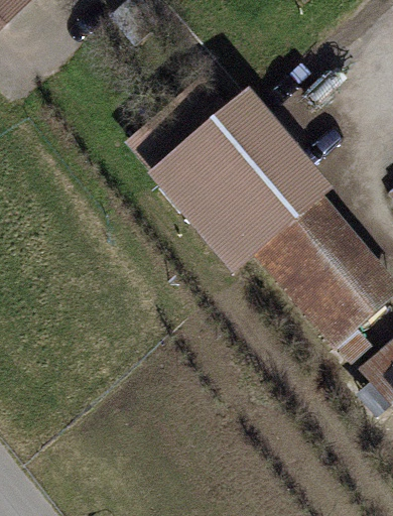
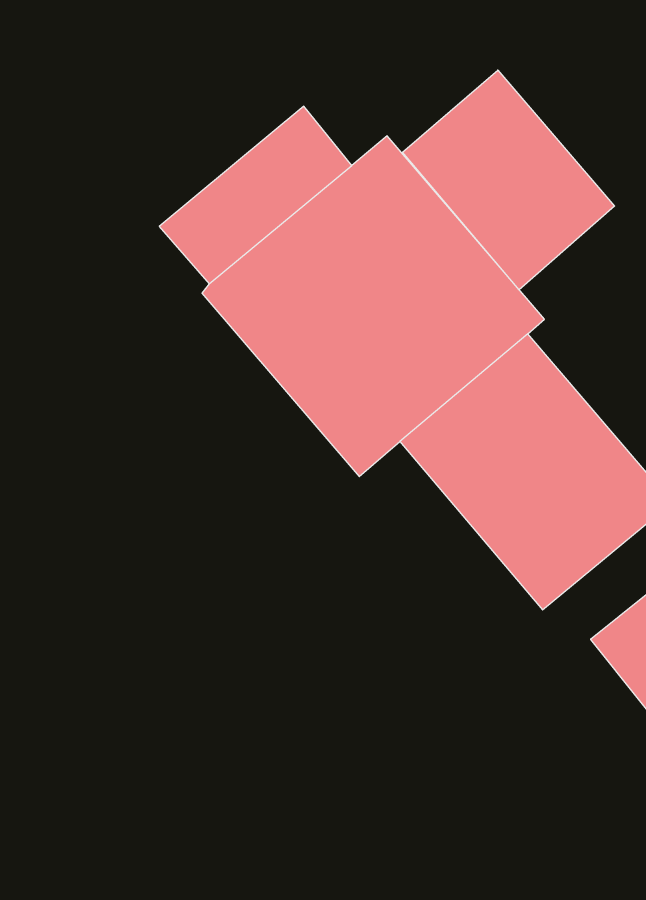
building: none -> [403,70,615,290]

